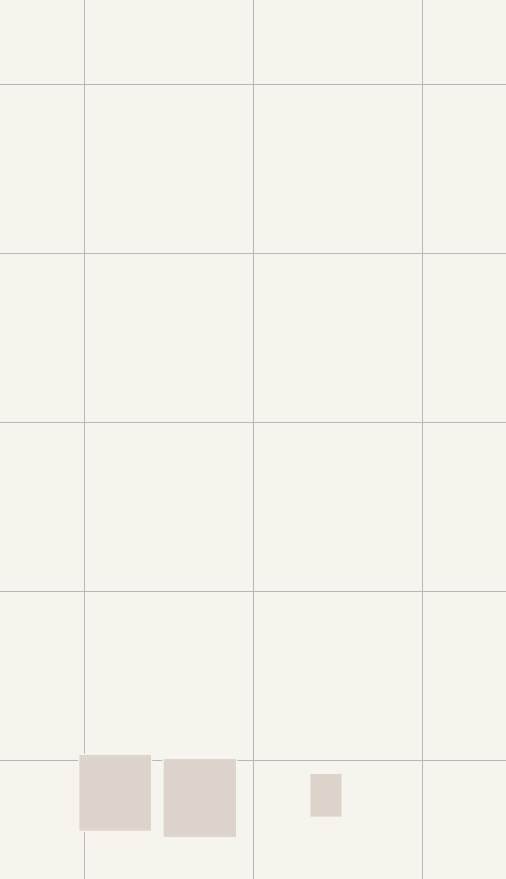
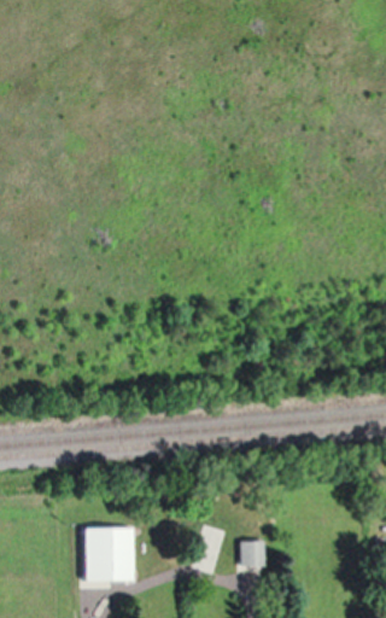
building: [163,758,237,838] -> none

